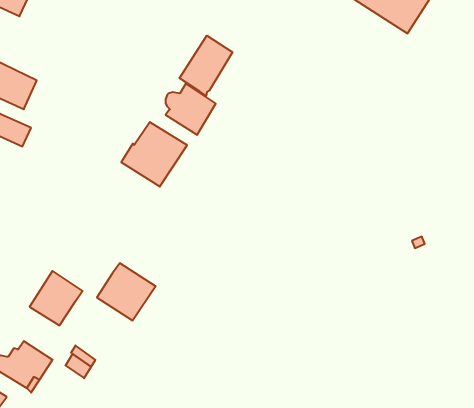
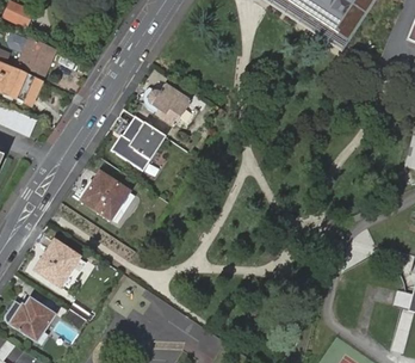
building: none -> [18,37,55,74]
building: [180,36,232,96] -> none
building: [97,263,156,320] -> [80,171,129,219]

